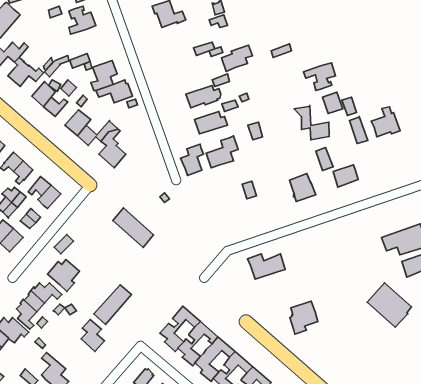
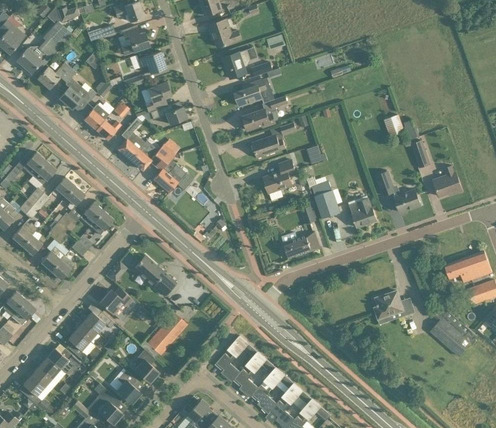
building: none -> [222,49,249,78]
building: none -> [137,50,165,73]
building: [221,45,252,71] -> [234,79,266,106]
building: [303,63,335,90] -> none
building: [294,106,329,140] -> none
building: [371,107,400,137] -> [432,165,462,196]
building: [180,144,203,175] -> none
building: none -> [311,182,340,219]
building: [113,208,154,248] -> [133,254,175,295]
building: [247,254,285,279] -> [280,231,319,257]
building: [290,301,318,334] -> [374,290,403,324]
building: none -> [116,369,140,403]

